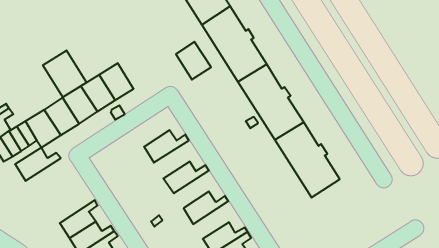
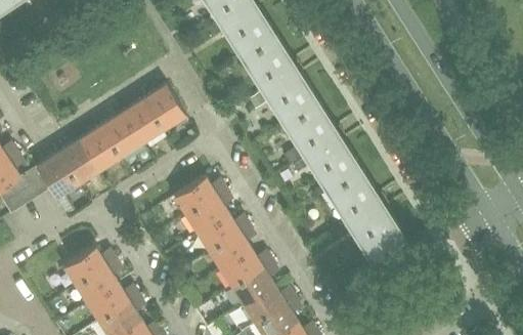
building: [176,42,211,80] -> [143,86,184,130]
building: [43,50,86,97] -> none
building: none -> [185,191,230,235]
building: [15,148,61,181] -> [63,248,117,287]
building: none -> [209,225,254,269]
building: none -> [231,261,276,305]

